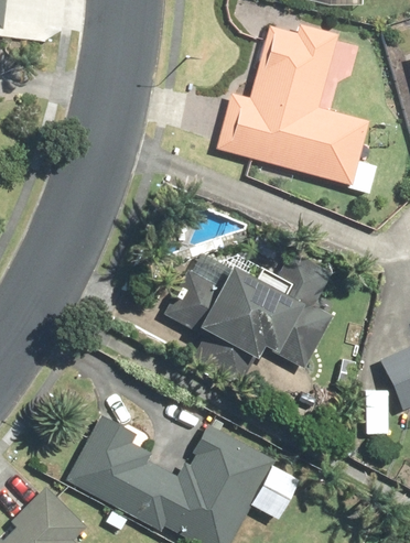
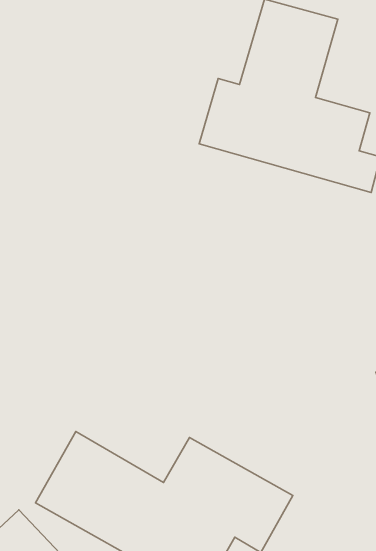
building: [162,245,325,361] -> none

